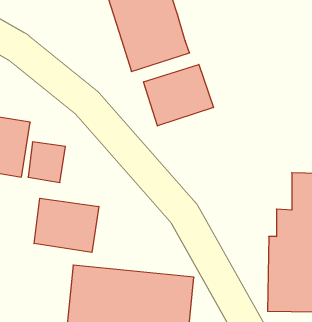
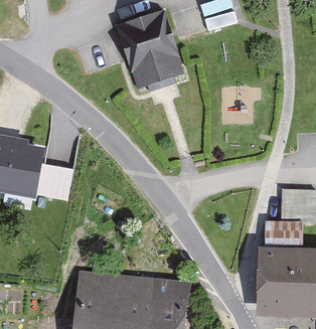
building: [144,64,213,126] -> none
building: [34,198,99,252] -> none

